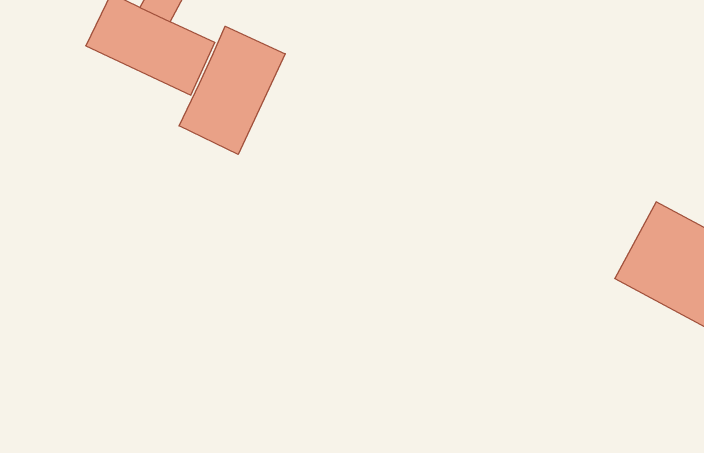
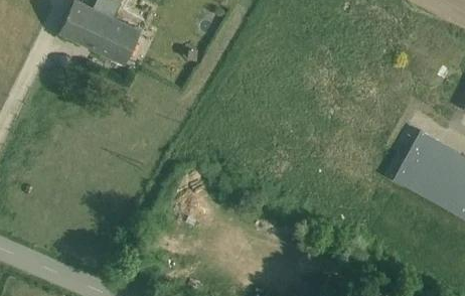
building: [179,26,285,154] -> none

